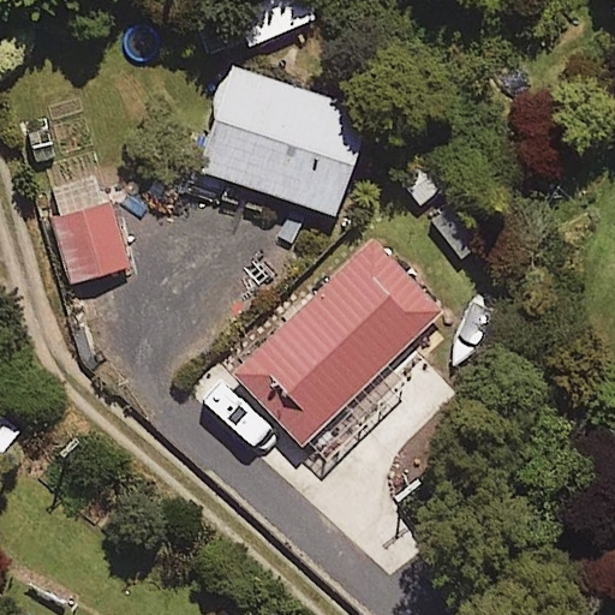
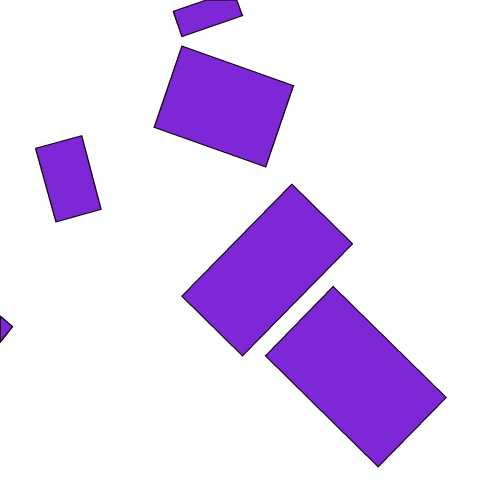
building: none -> [265,286,446,467]

